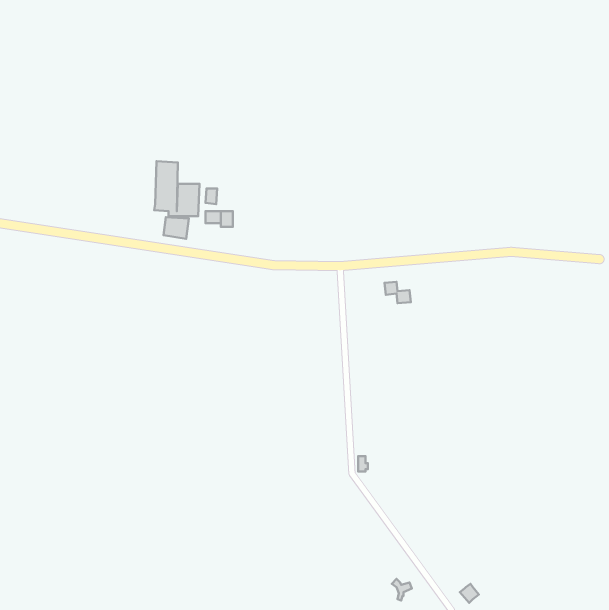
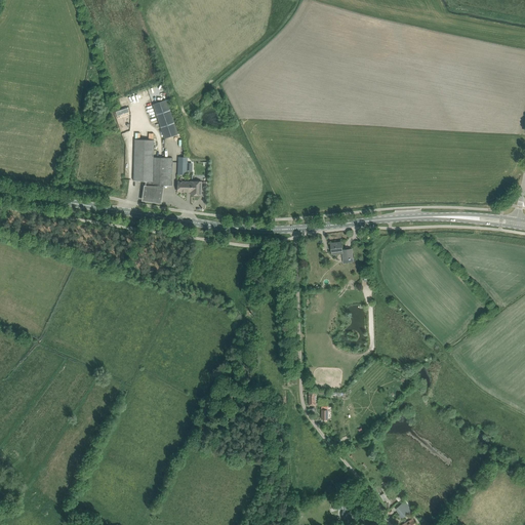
building: none -> [152,99,177,138]

